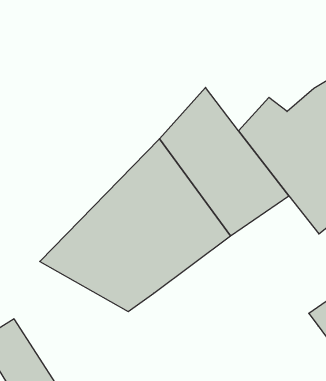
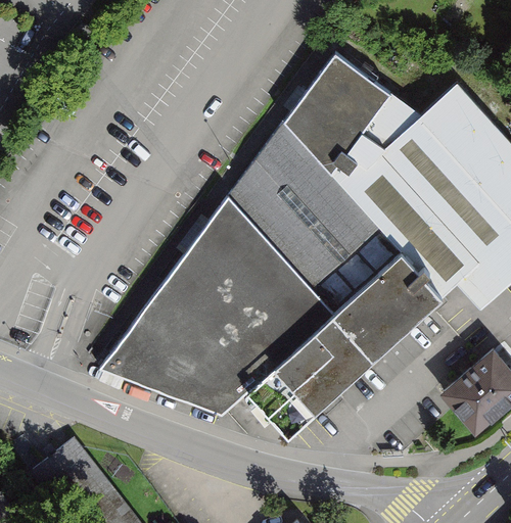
building: none -> [283,52,419,177]
building: none -> [245,251,445,438]

